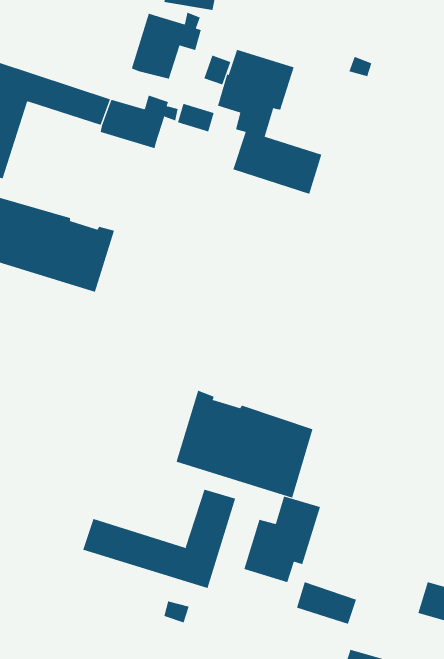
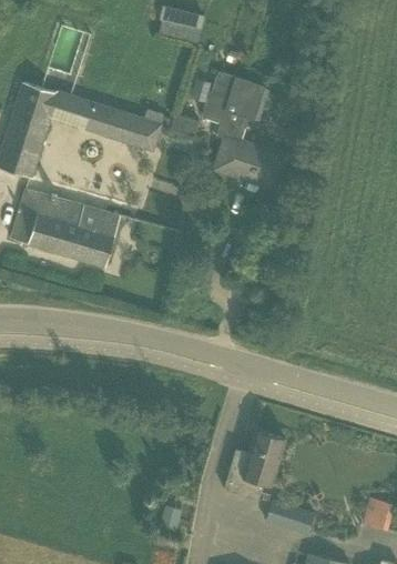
building: [131,12,201,80] -> none
building: [176,390,313,498] -> none
building: [83,489,236,589] -> none

